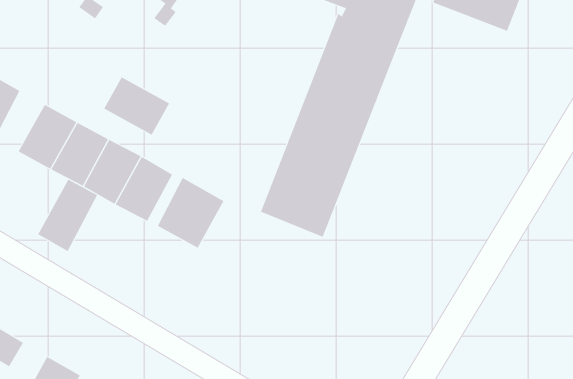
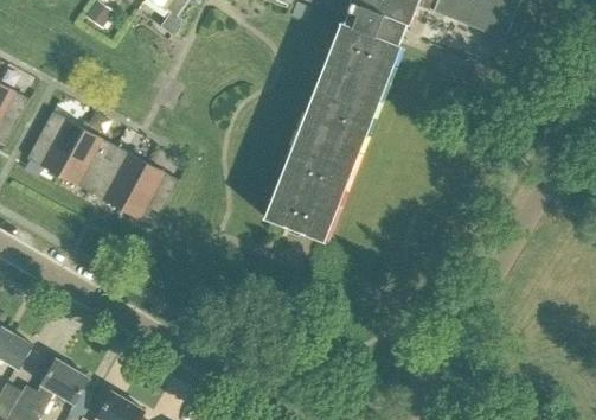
building: [103,76,170,135] -> none
building: [157,177,224,249] -> none
building: [38,179,98,252] -> none

